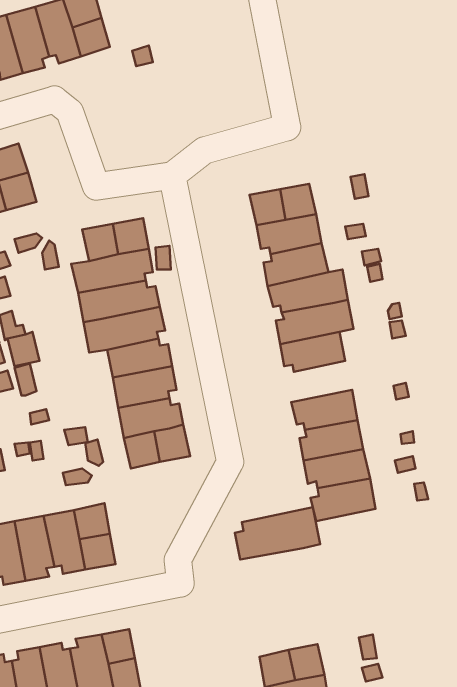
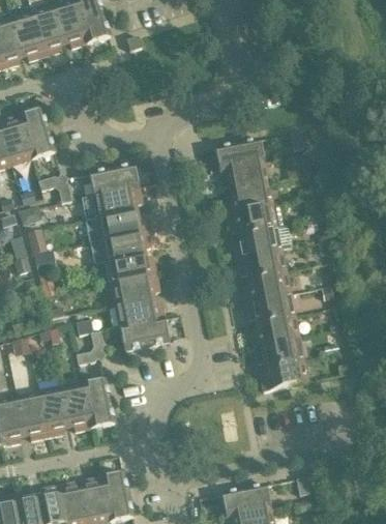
building: none -> [243,271,292,302]
building: [235,507,320,559] -> none

